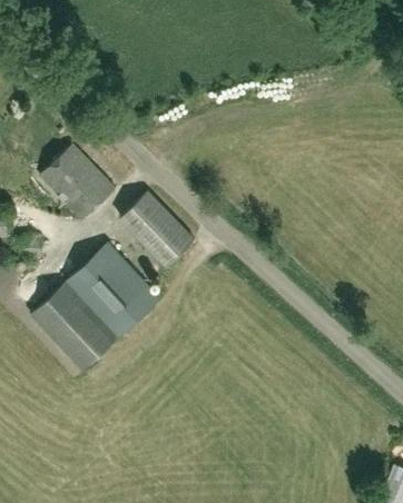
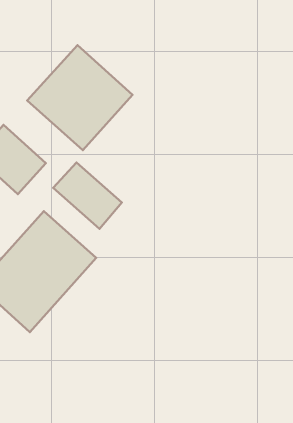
building: none -> [27,45,132,150]

